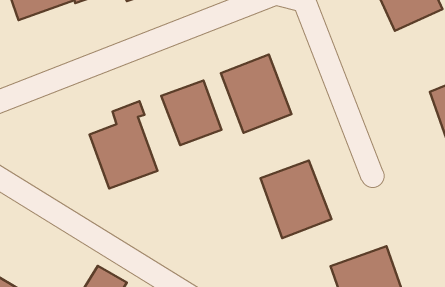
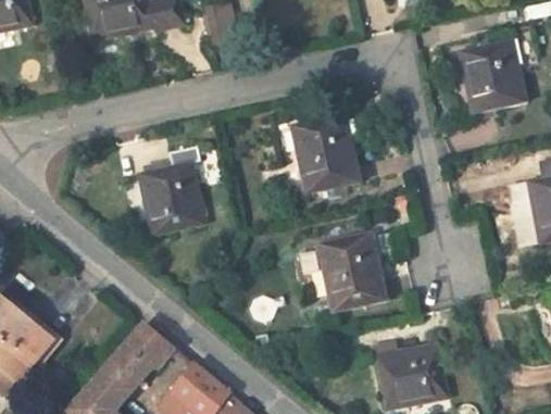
building: [161,81,221,145] -> none

